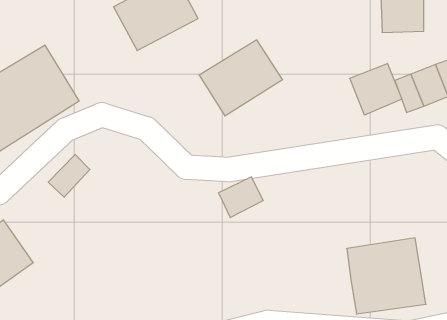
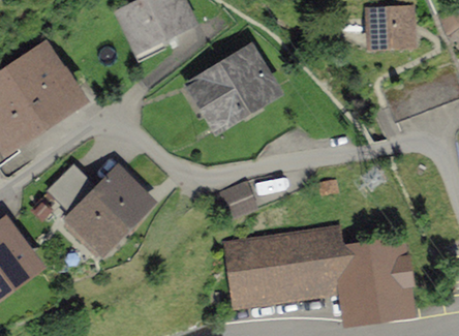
building: [350,63,402,115] -> none
building: none -> [66,169,151,253]
building: none -> [231,227,342,298]

